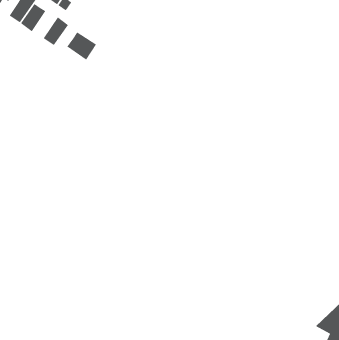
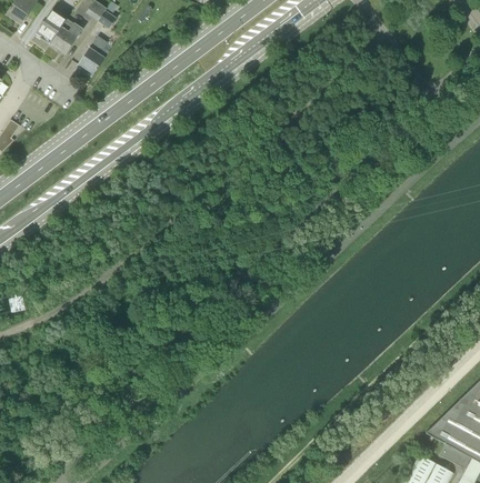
building: [66,31,97,60] -> none

